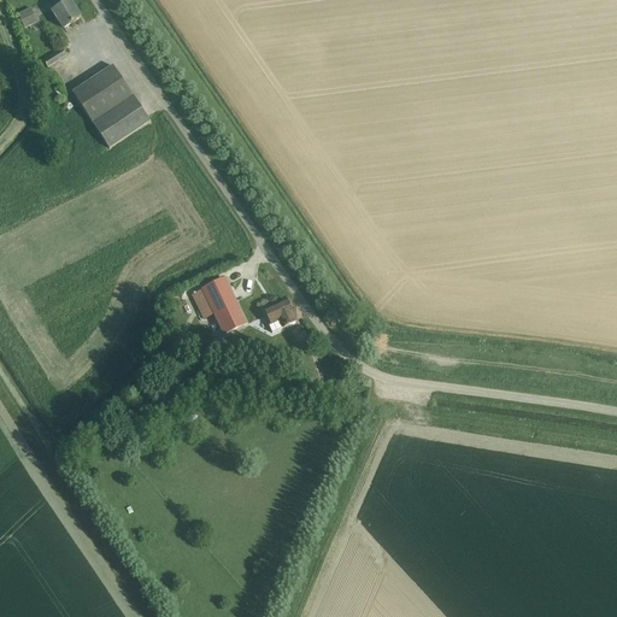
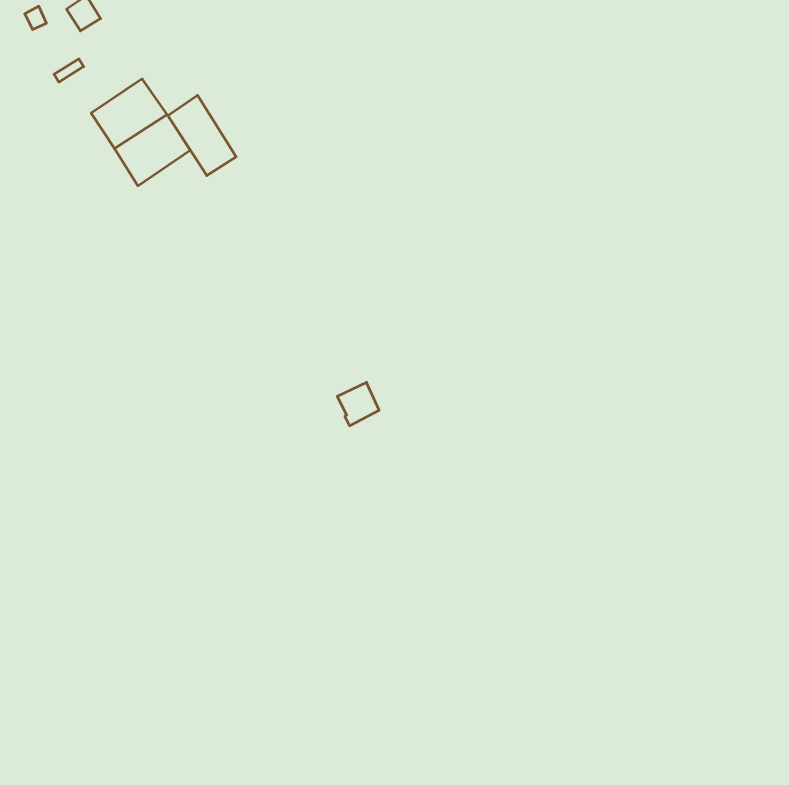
building: none -> [168,95,236,176]
building: [201,277,245,333] -> none

